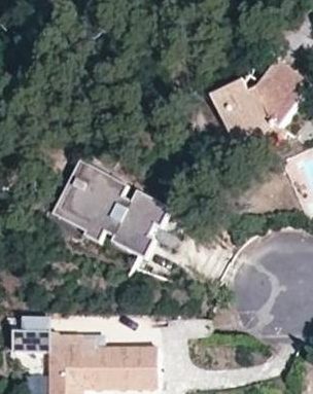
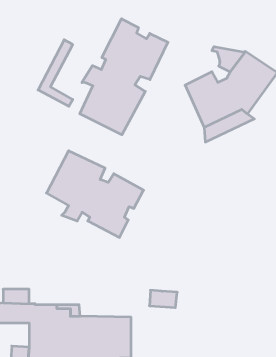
building: none -> [80,19,168,135]
building: [53,162,90,232] -> [38,40,73,106]

